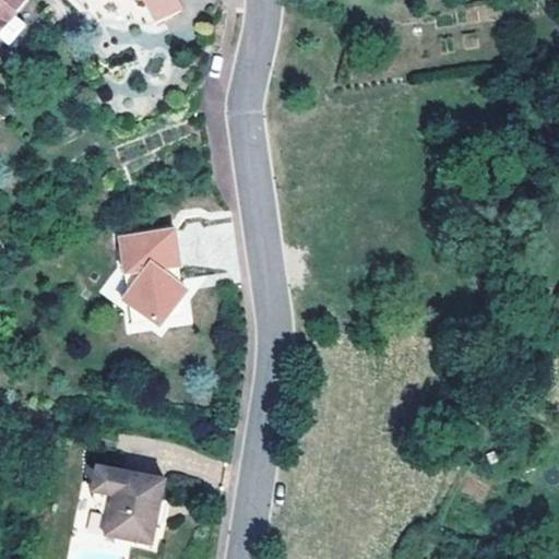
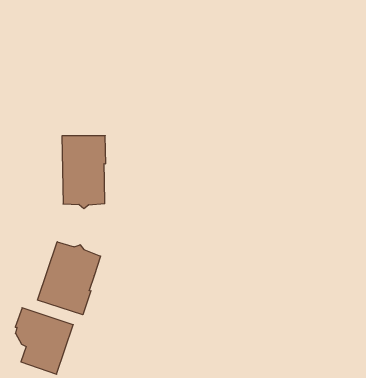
building: none -> [38,242,101,315]

